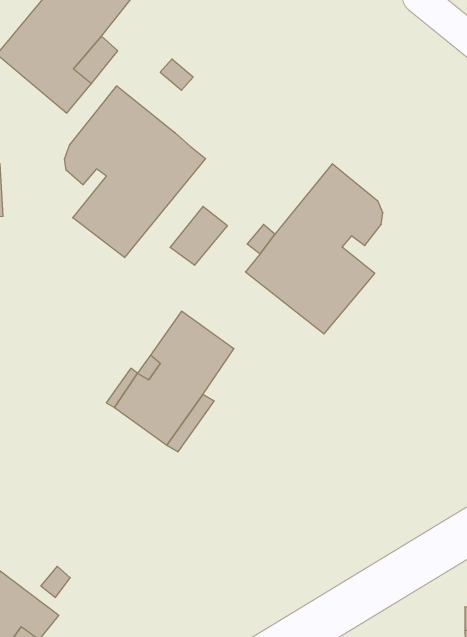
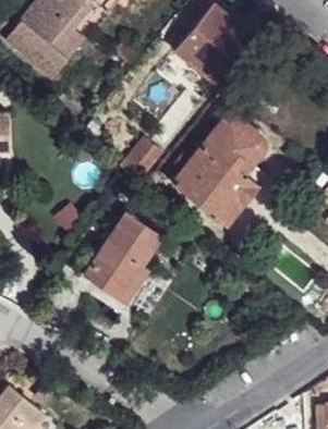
building: none -> [173,10,250,76]
building: [64,86,205,258] -> none

